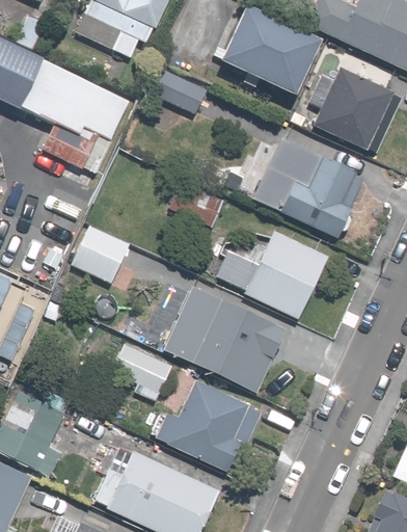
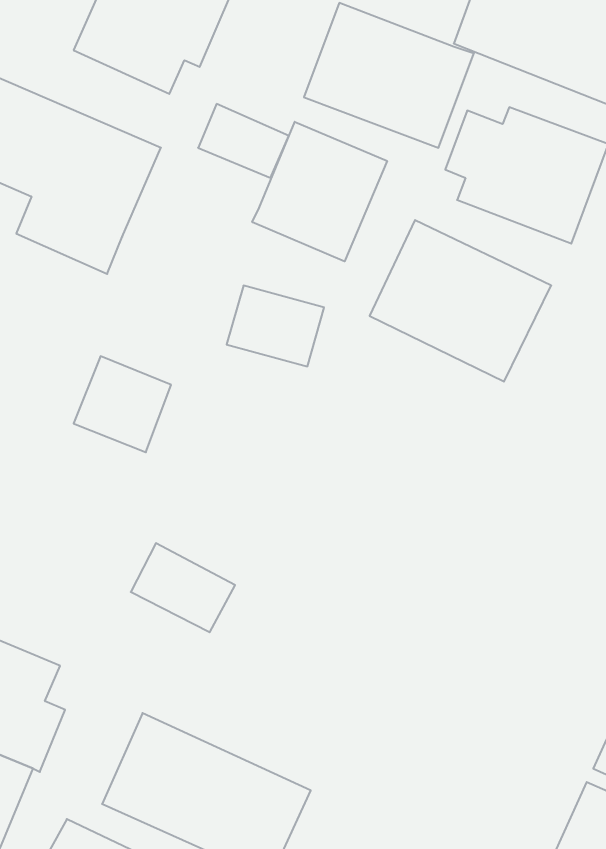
building: none -> [252,122,387,261]
building: [216,230,328,317] -> none
building: [165,283,288,397] -> none
building: [152,378,263,477] -> none

